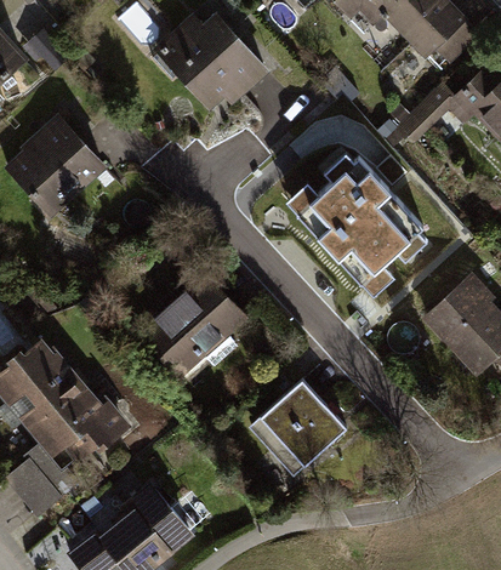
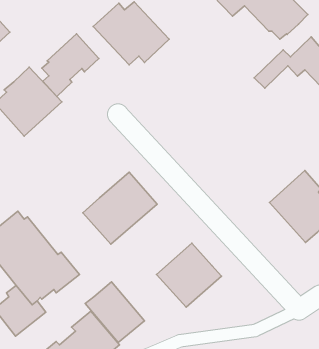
building: none -> [42,34,99,97]
building: [287,150,426,293] -> none
building: none -> [85,282,145,343]

